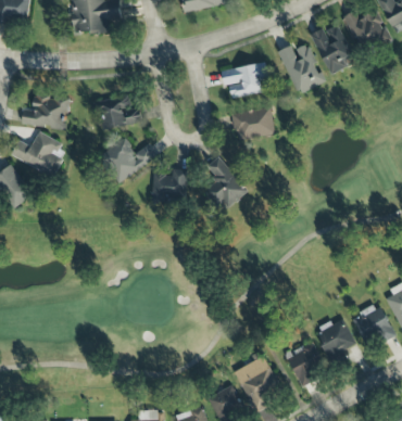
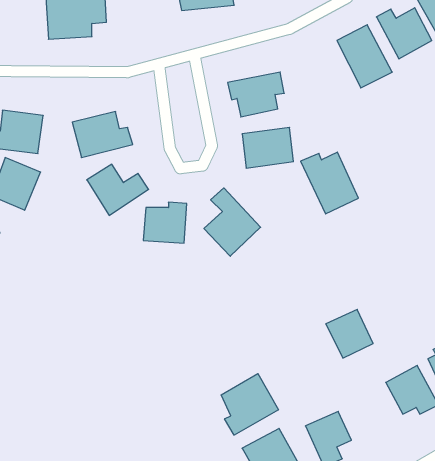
building: [277,43,325,94] -> [301,152,358,214]
building: none -> [221,374,278,435]
building: [316,317,355,357] -> [326,309,373,358]

